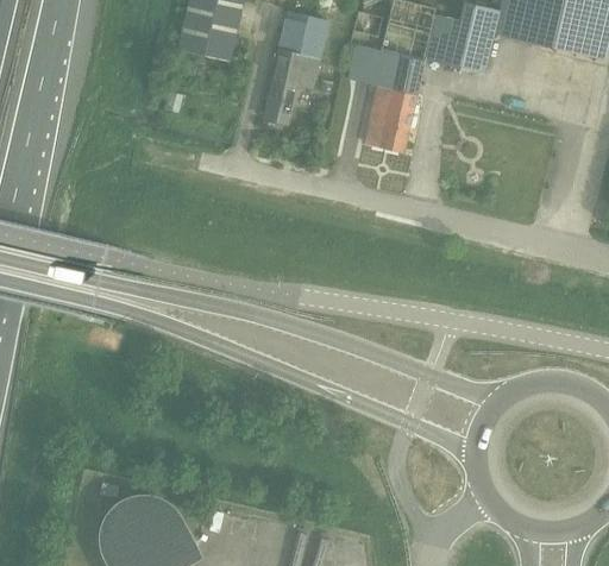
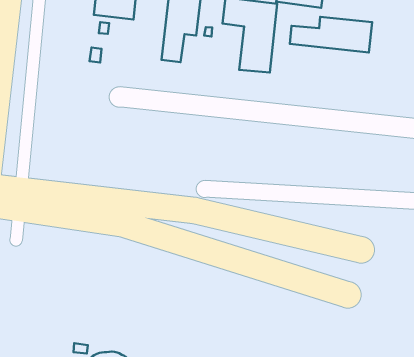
building: none -> [290,17,372,52]

